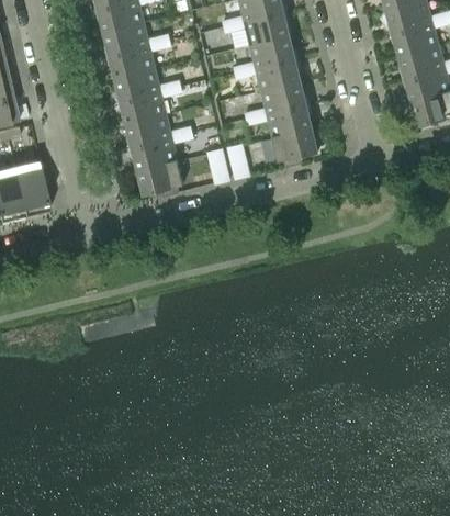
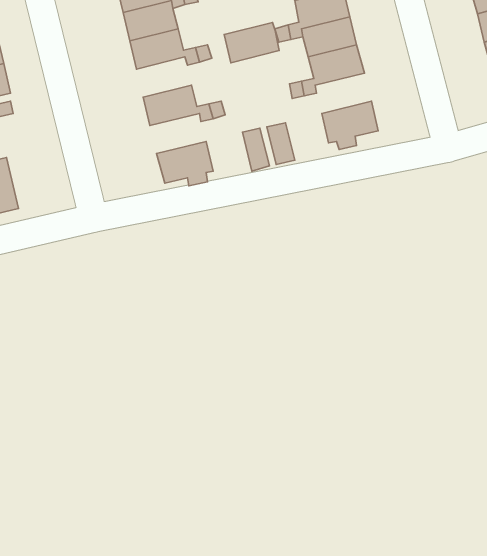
building: [120,89,165,122] -> [224,22,279,63]
building: [266,102,312,135] -> none
building: [131,135,177,168] -> none
building: [13,165,48,213] -> none

